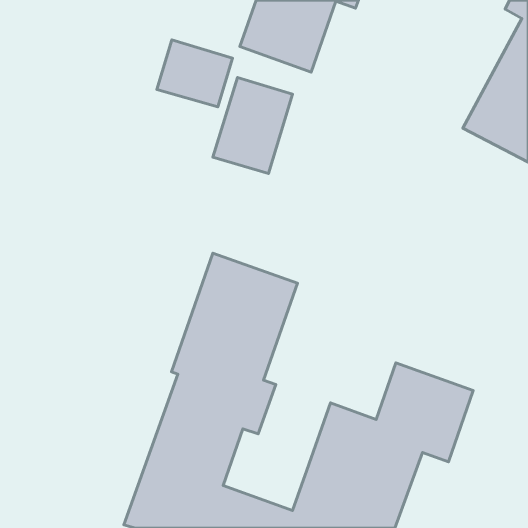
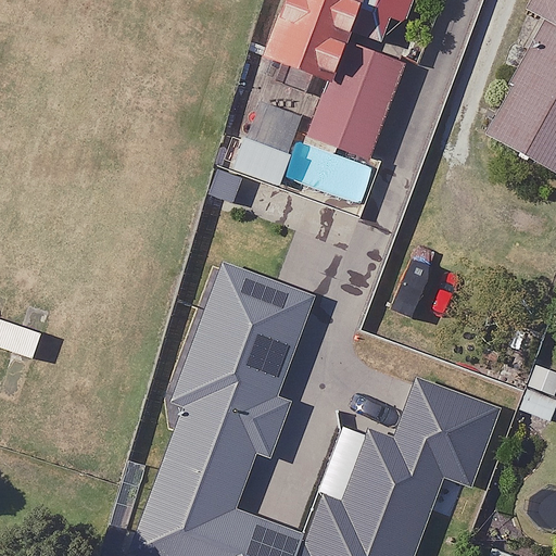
building: none -> [306,40,404,157]
building: [157,40,232,107] -> none

